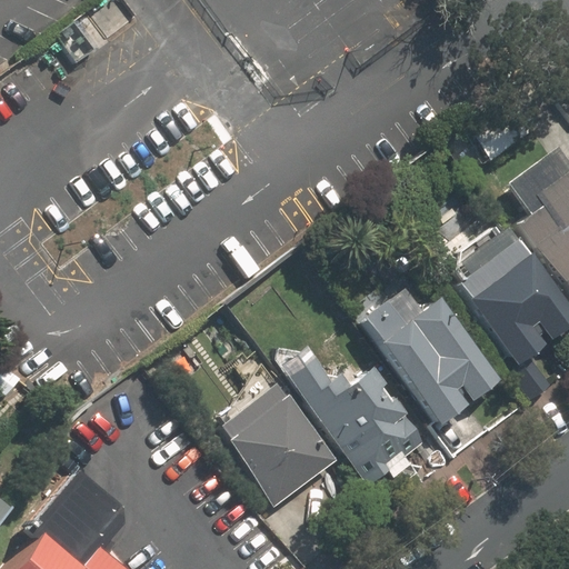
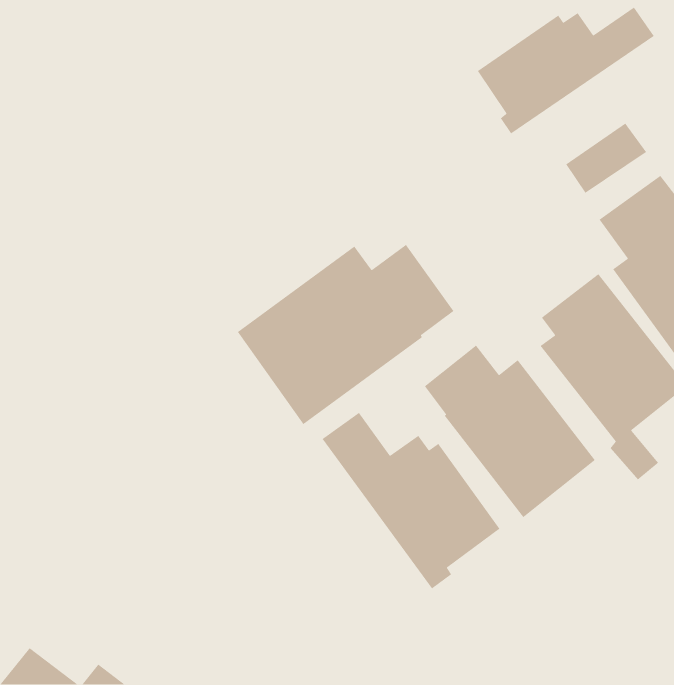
building: none -> [477,6,655,134]
building: none -> [237,244,454,425]
building: [221,385,340,509] -> none

